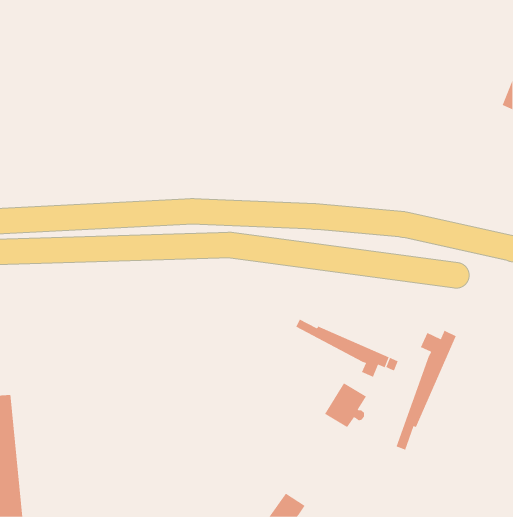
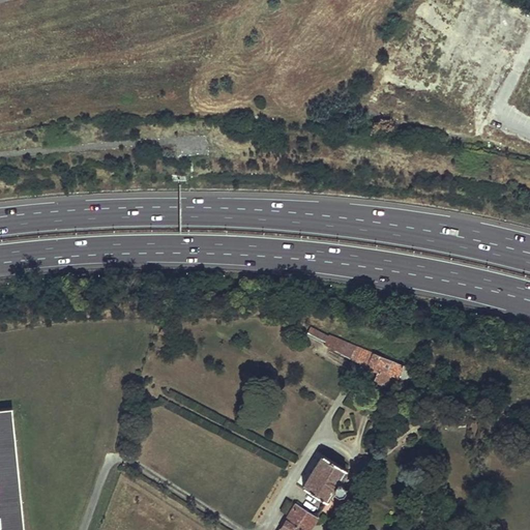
building: [396,329,456,450] -> none
building: [324,382,367,428] -> [298,454,342,501]

